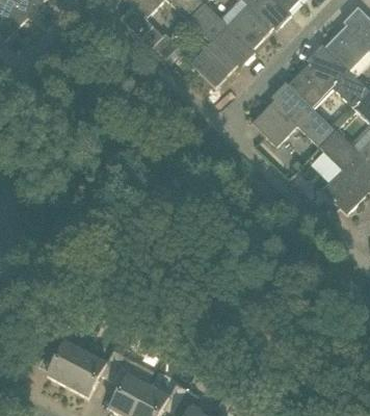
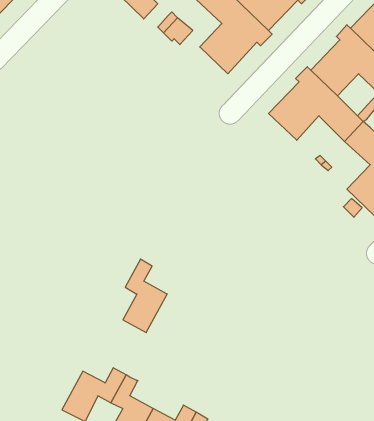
building: [47,320,86,386] -> [123,259,167,333]

